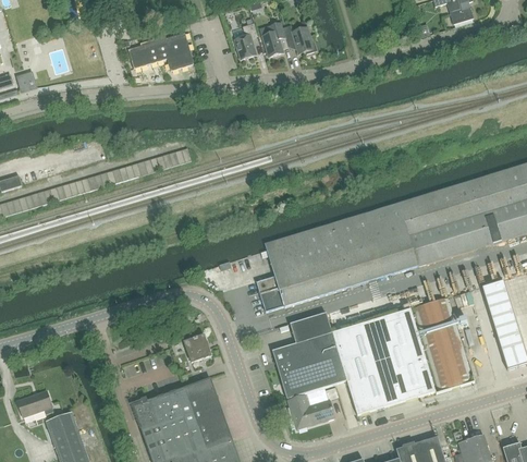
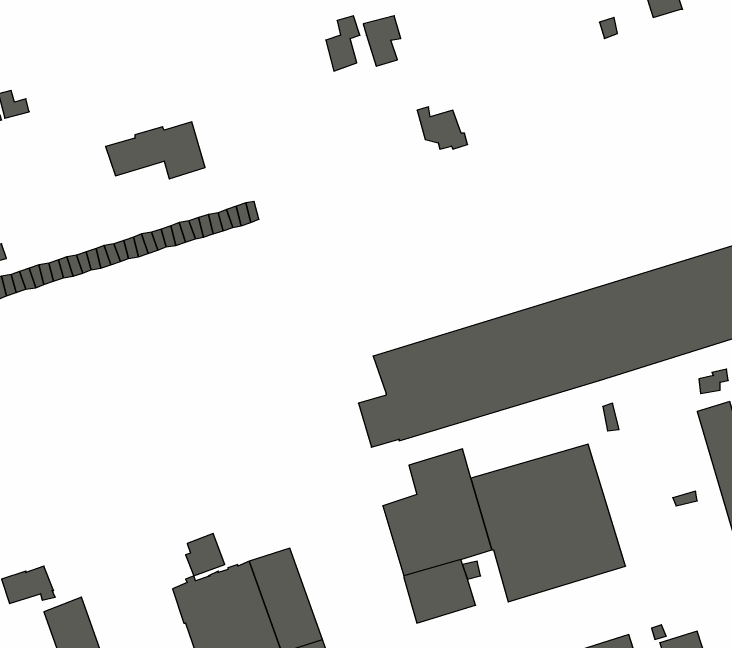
building: [282,24,316,52] -> [417,107,468,149]
building: [126,32,193,70] -> [106,122,205,179]
building: [412,296,473,391] -> none
building: [185,333,211,362] -> [186,534,225,576]

